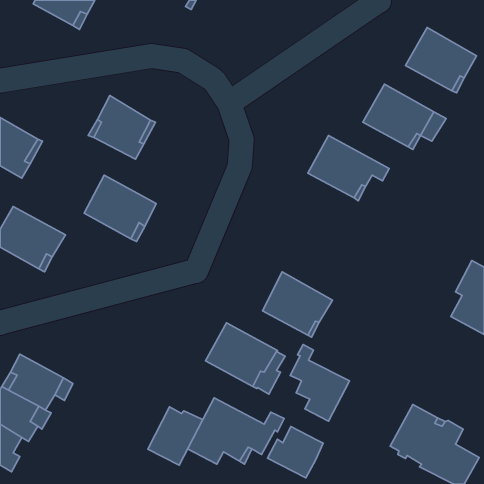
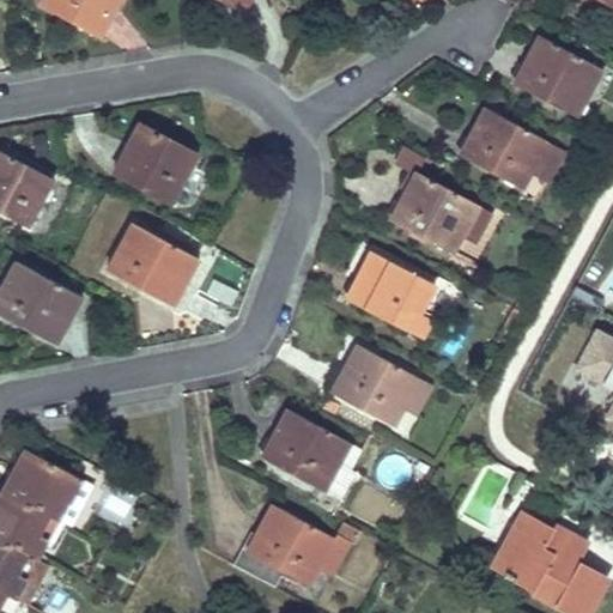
building: none -> [346,249,435,339]
building: [290,345,349,421] -> none
building: [148,407,203,465] -> none
building: [268,426,323,478] -> none

